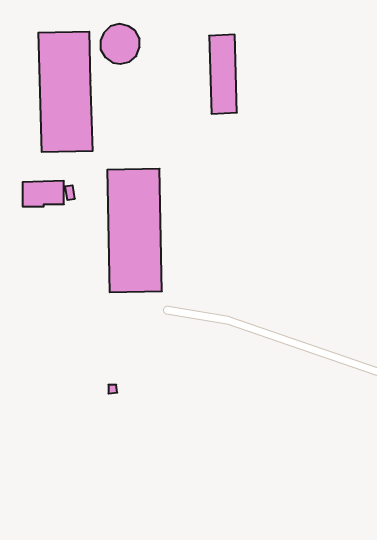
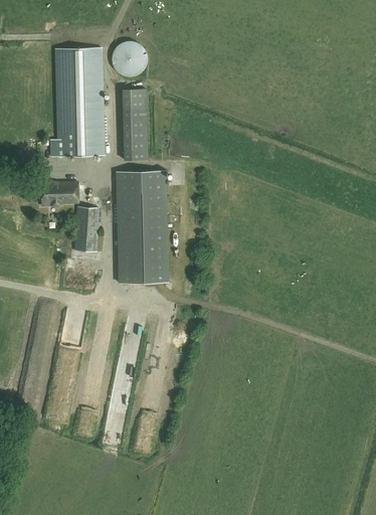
building: [209,35,237,114] -> [123,89,148,160]
building: none -> [74,206,100,251]

